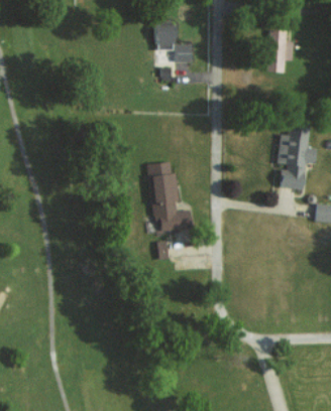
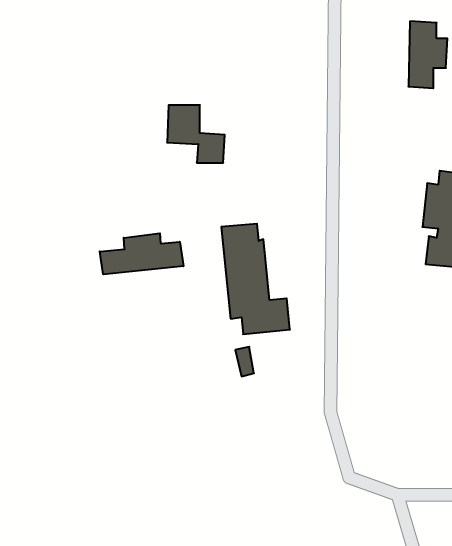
building: [154,26,192,63] -> [167,105,225,163]
building: none -> [100,233,183,274]

